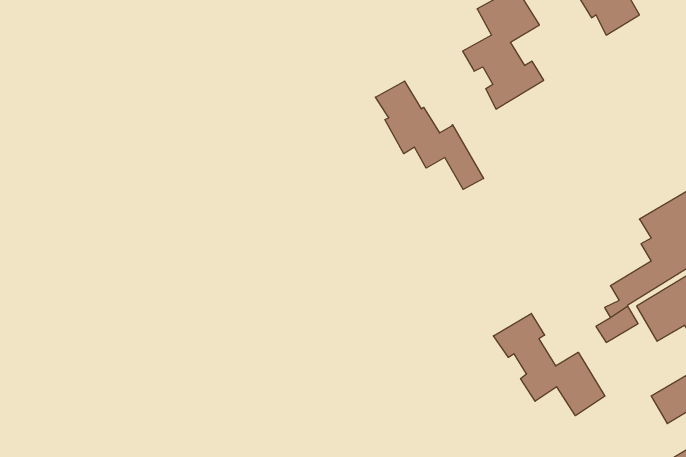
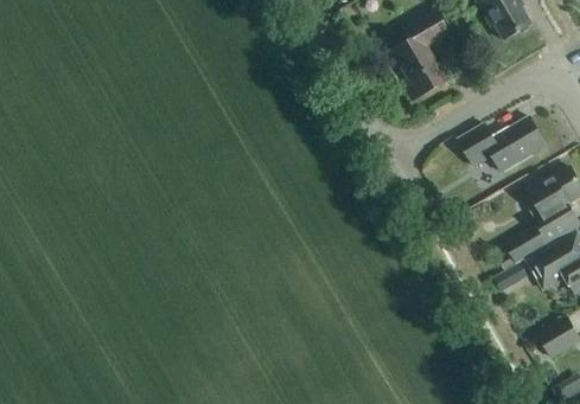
building: [375,81,484,189] -> none
building: none -> [460,115,549,171]
building: [493,313,605,416] -> none

